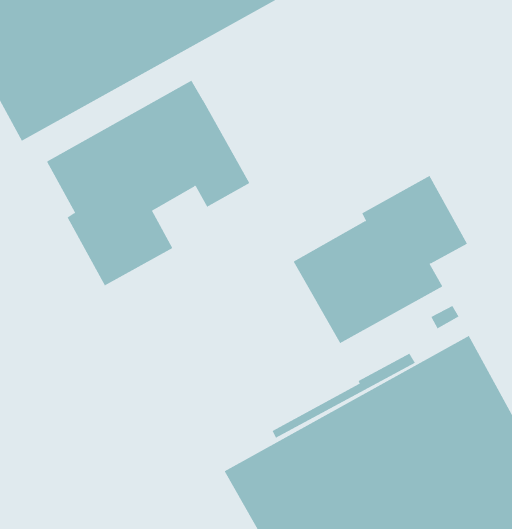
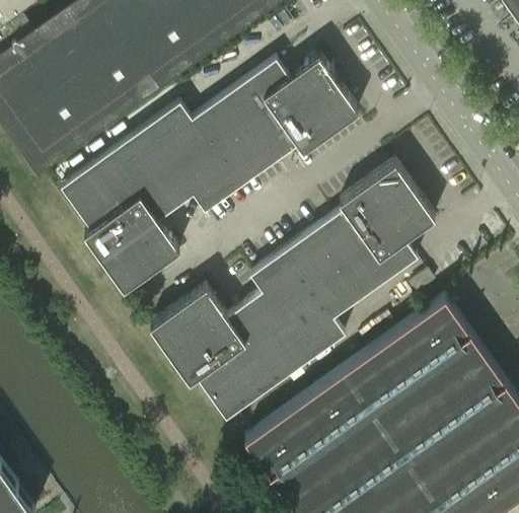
building: none -> [192,57,359,188]
building: none -> [150,251,345,420]

